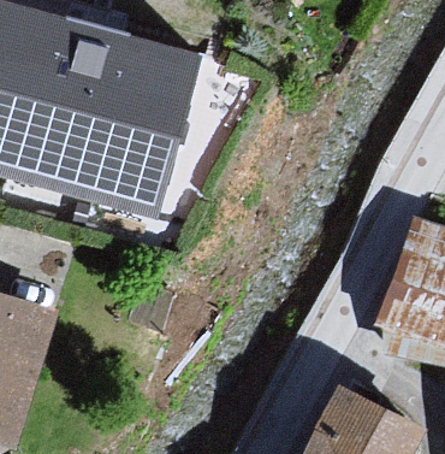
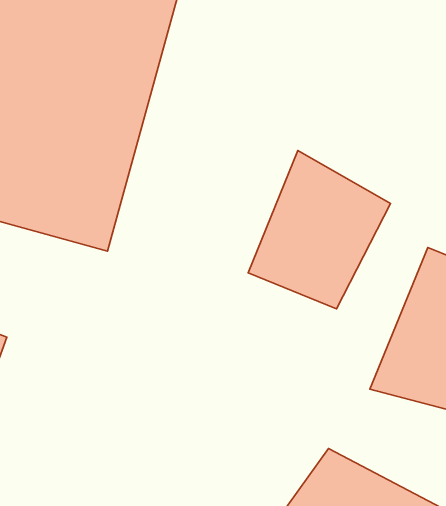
building: none -> [248,150,391,309]

